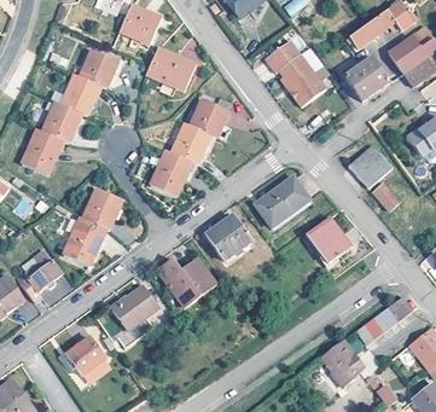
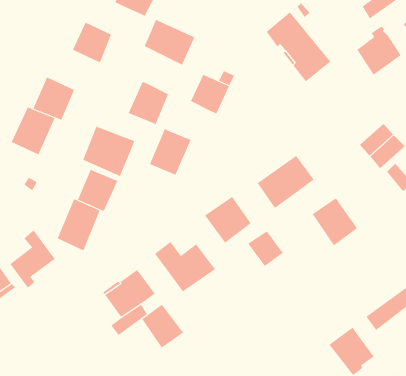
building: [62,74,100,116] -> none
building: [172,122,210,163] -> [128,81,169,125]
building: none -> [82,126,135,177]
building: none -> [248,230,284,267]
building: none -> [141,304,184,348]
building: [64,335,104,375] -> none

